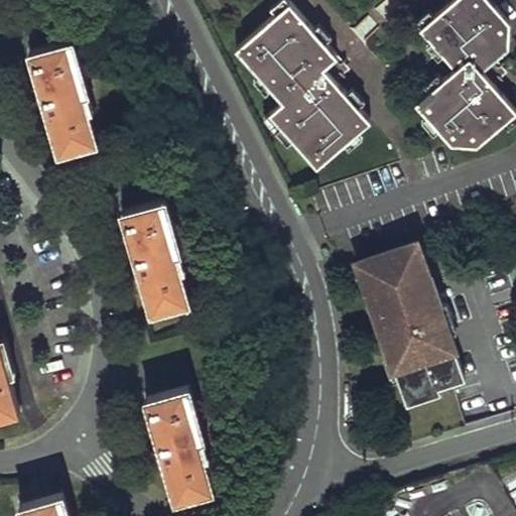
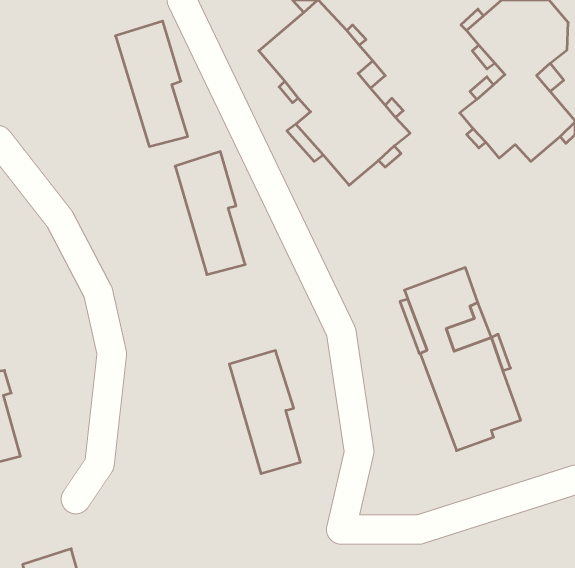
building: [29,43,94,155] -> [115,21,188,146]
building: [122,203,184,312] -> [175,152,245,275]
building: [146,391,210,501] -> [229,351,300,474]

